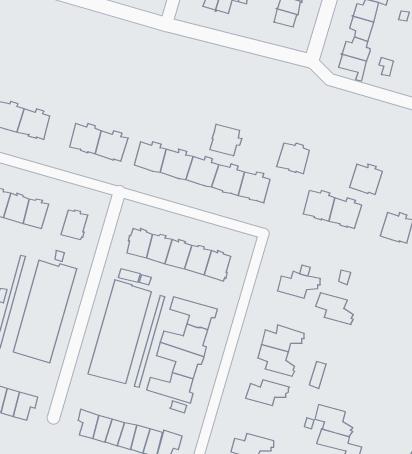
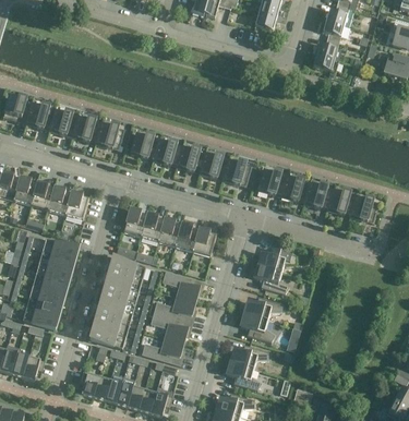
building: none -> [49,109,77,136]
building: [210,124,242,156] -> none
building: [276,143,309,174] -> [256,169,286,196]
building: [349,164,382,195] -> [326,189,356,216]
building: none -> [47,188,71,215]
building: [316,293,353,325] -> [253,265,287,293]
building: [315,405,353,436] -> [226,361,260,389]

